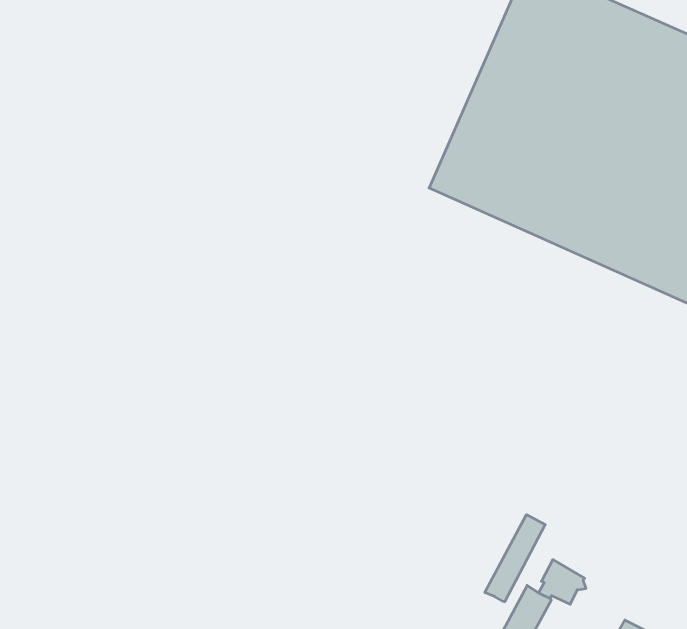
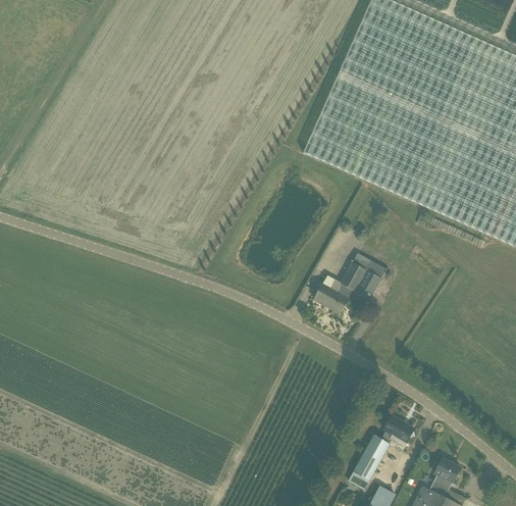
building: none -> [314,252,386,312]
building: [485,515,545,602] -> none

